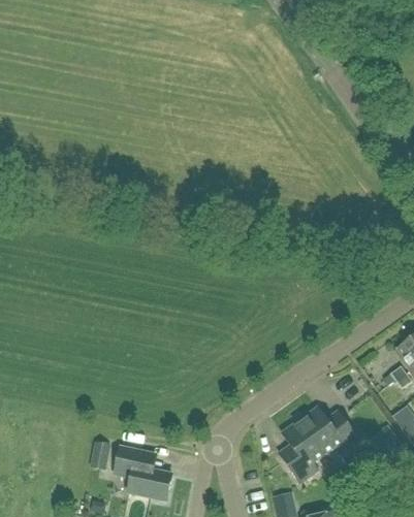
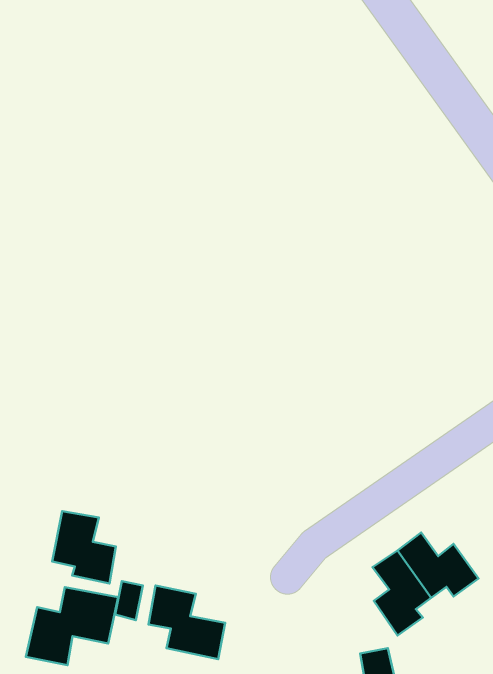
building: none -> [52,511,116,583]
building: none -> [26,587,118,665]

